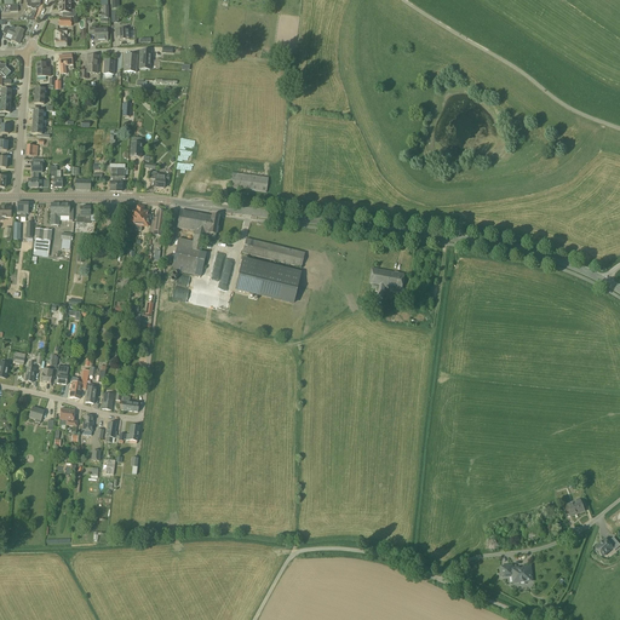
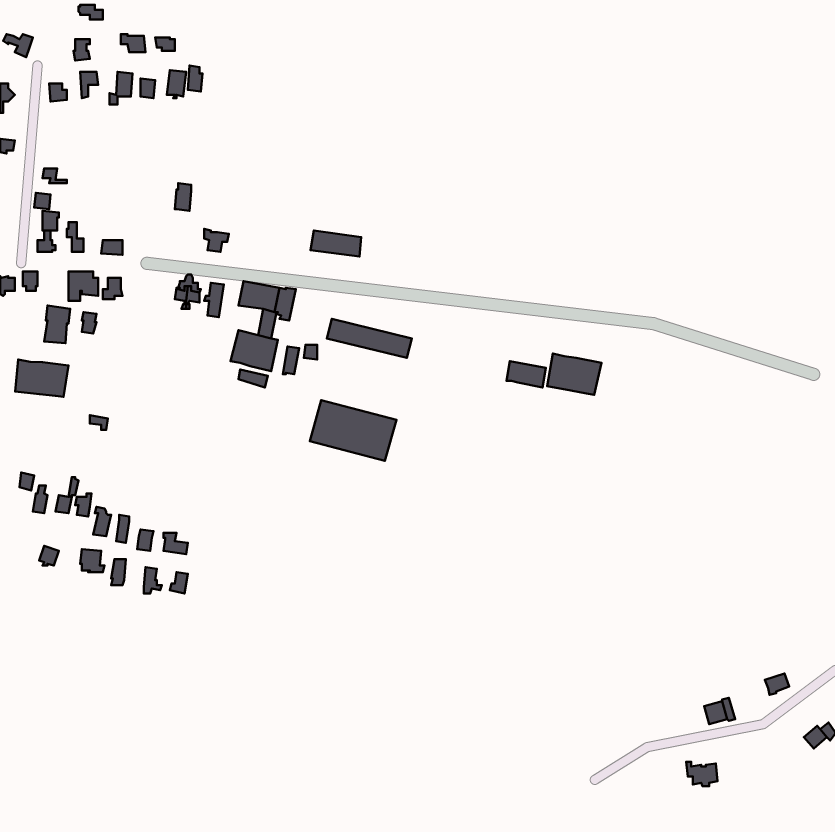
building: [236,257,300,302] -> [310,400,396,461]
building: none -> [547,353,601,395]
building: none -> [15,360,69,397]

